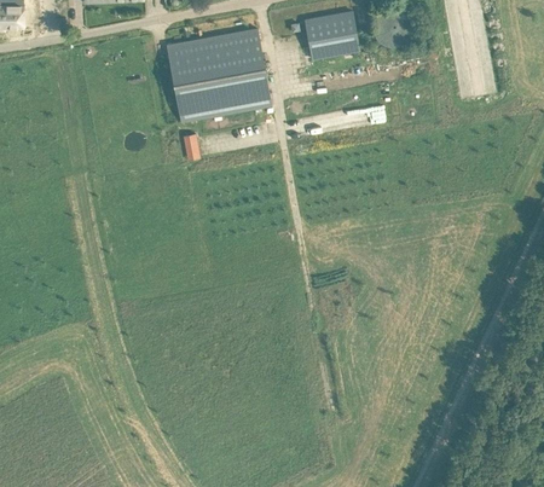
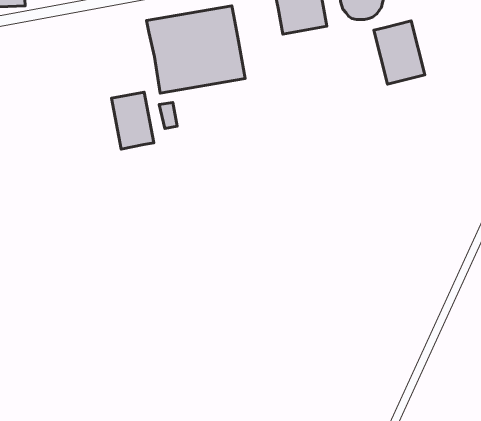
building: none -> [374,21,425,84]
building: none -> [112,92,154,149]

